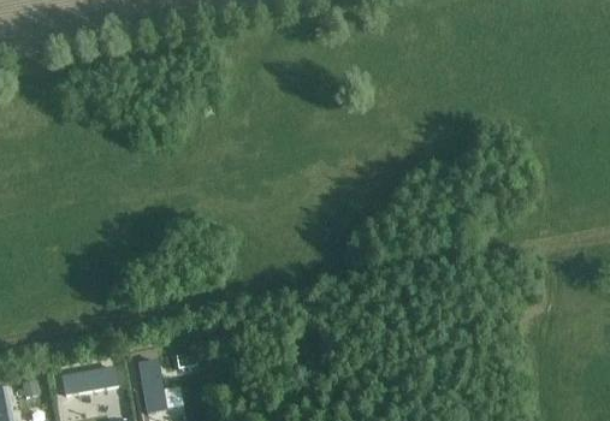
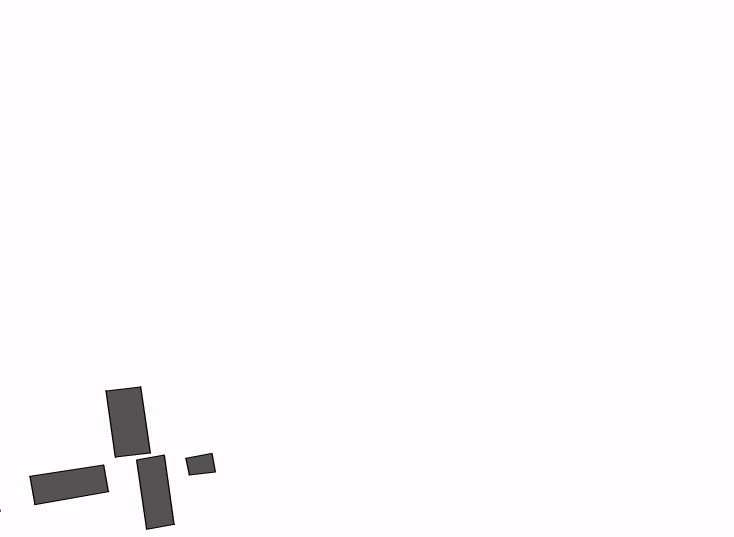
building: none -> [106,387,150,457]

